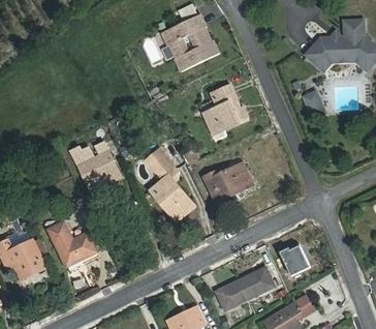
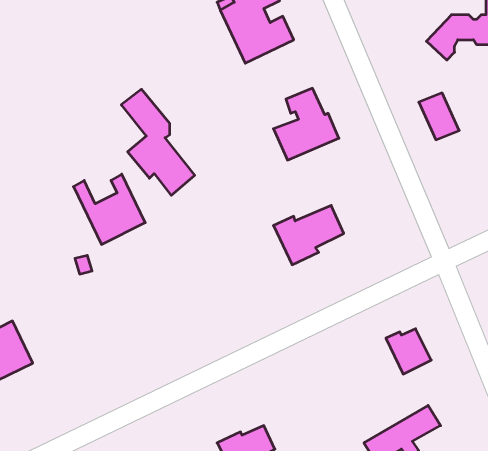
building: [146,149,194,219] -> [121,89,195,195]
building: [48,221,96,267] -> none
building: [216,268,274,309] -> none

